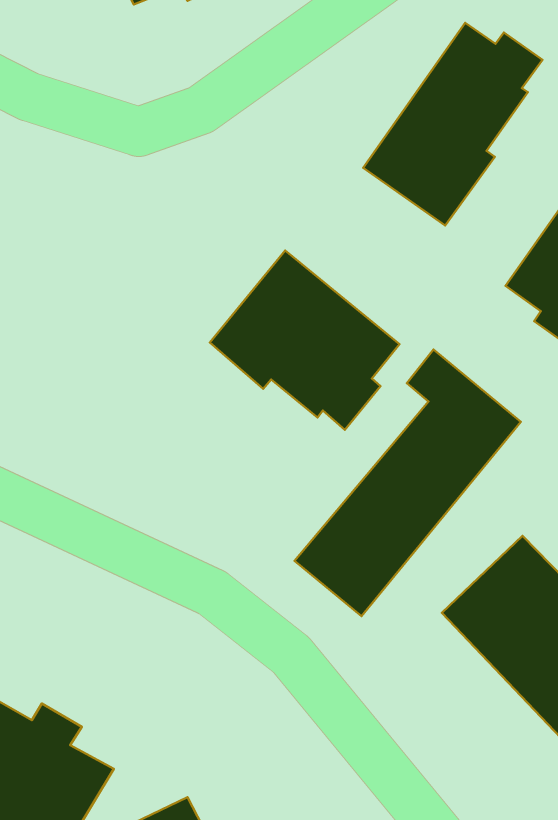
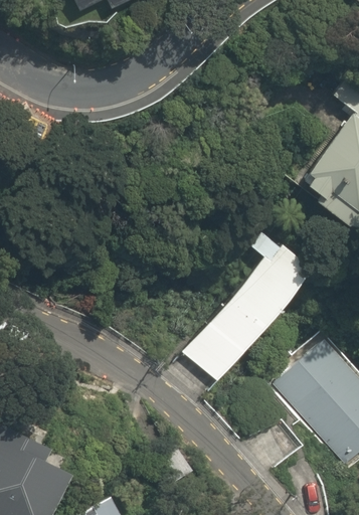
building: [363,23,543,225] -> none
building: [210,251,399,430] -> none

